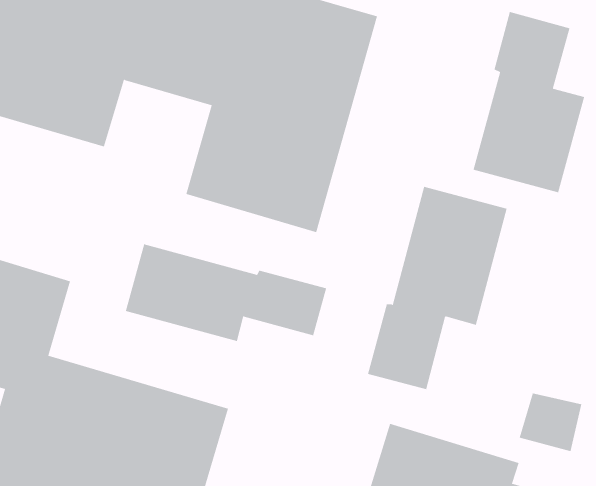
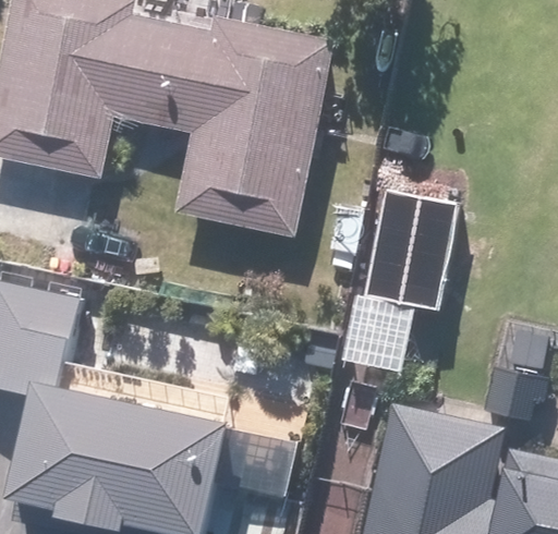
building: [473,11,585,193] -> none
building: [125,243,327,342] -> none

